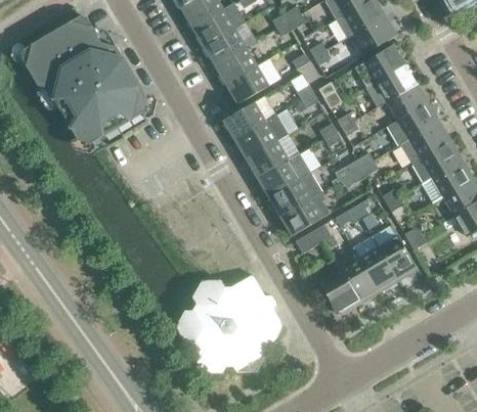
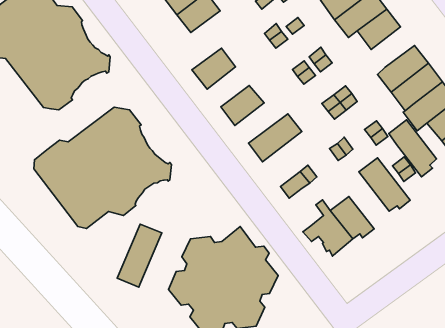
building: [226,66,268,104] -> none
building: [387,102,439,145] -> none
building: [235,116,288,158] -> none
building: none -> [34,107,171,229]
building: [258,153,310,196] -> none
building: [280,191,330,235] -> none
building: [353,236,396,292] -> [389,120,437,177]
building: none -> [117,224,162,287]

